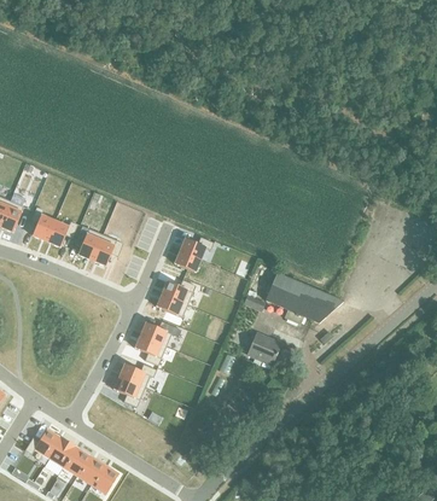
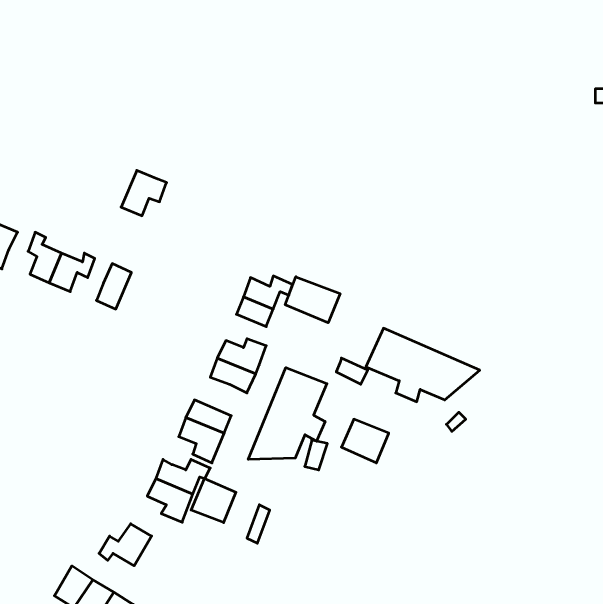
building: [91,234,122,266] -> [121,170,167,216]
building: none -> [285,277,340,323]
building: none -> [248,368,327,459]
building: none -> [191,478,236,523]
building: [24,429,60,458] -> [99,524,152,566]

